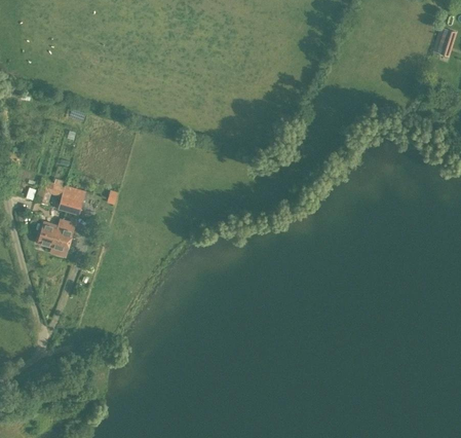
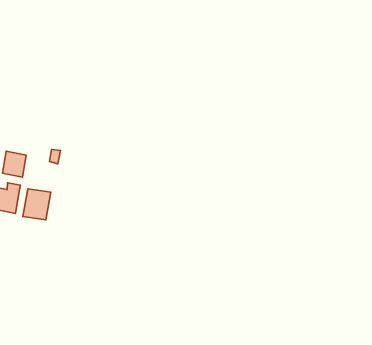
building: none -> [23,189,51,220]

